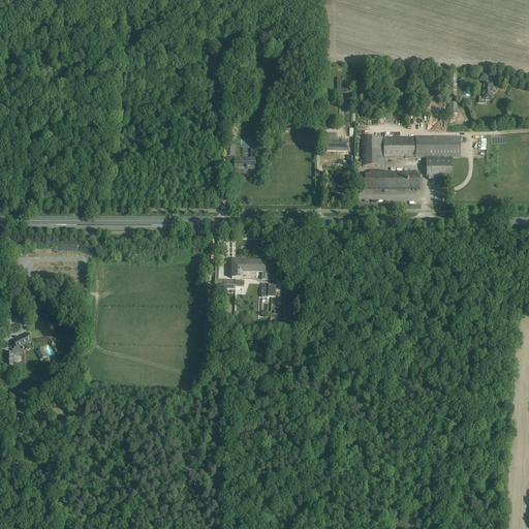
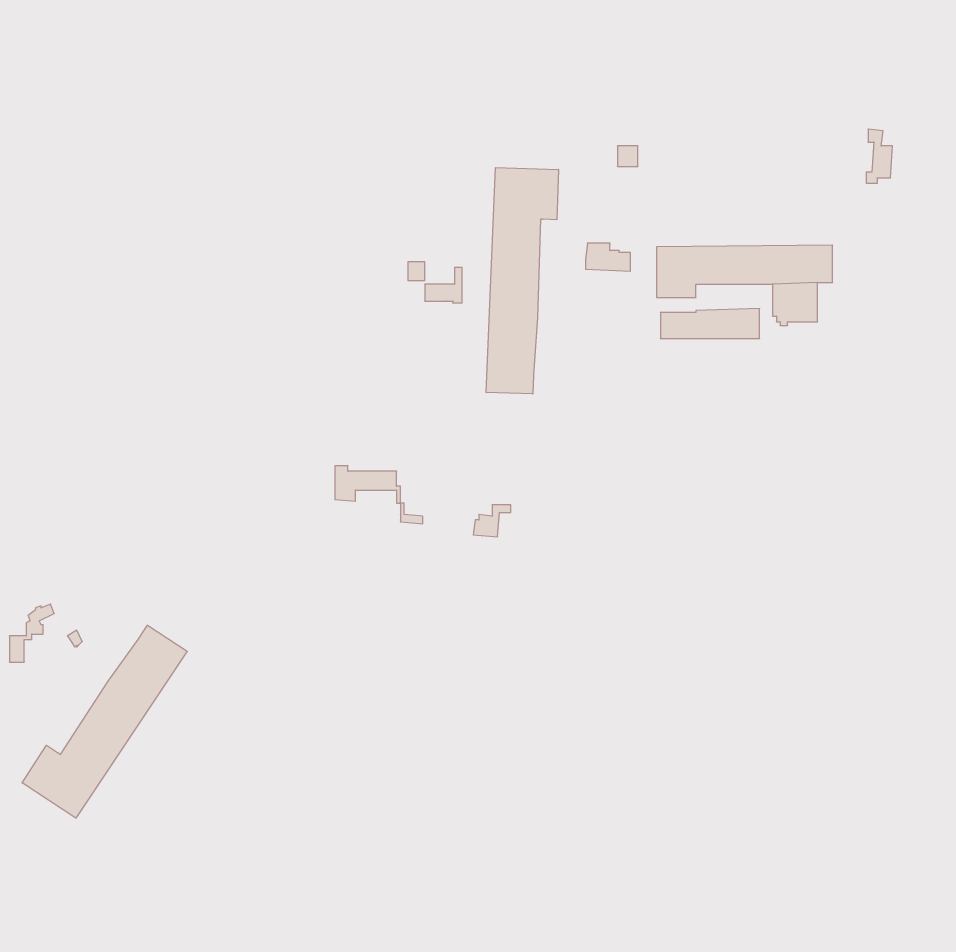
building: none -> [486,168,558,394]
building: [231,257,268,278] -> [335,466,400,503]
building: none -> [22,625,187,818]

